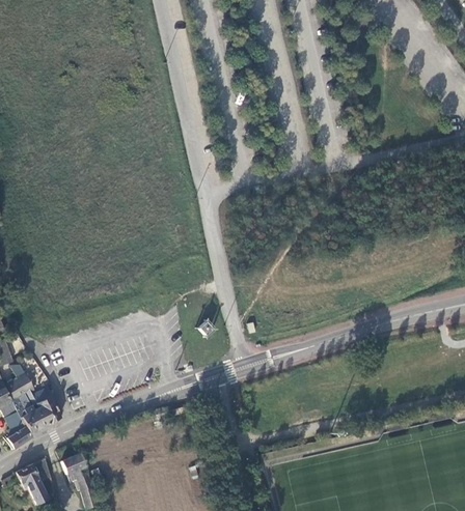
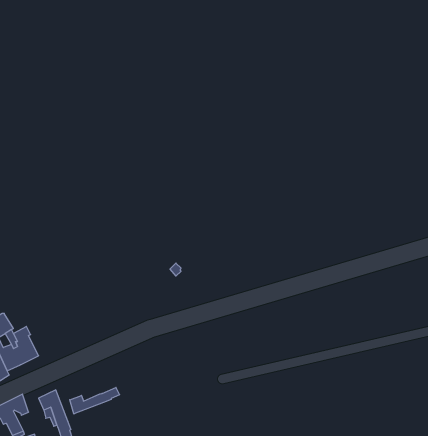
building: none -> [70,387,120,414]

